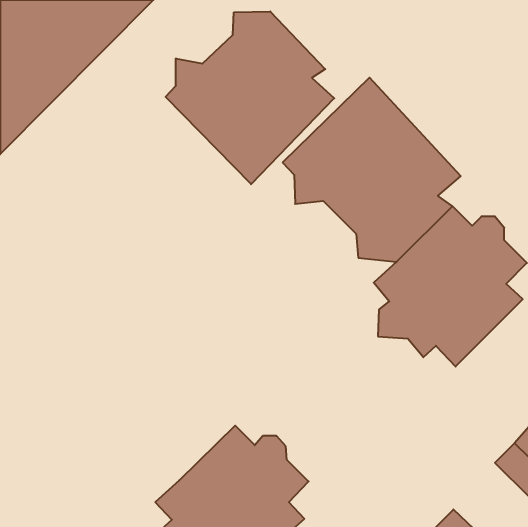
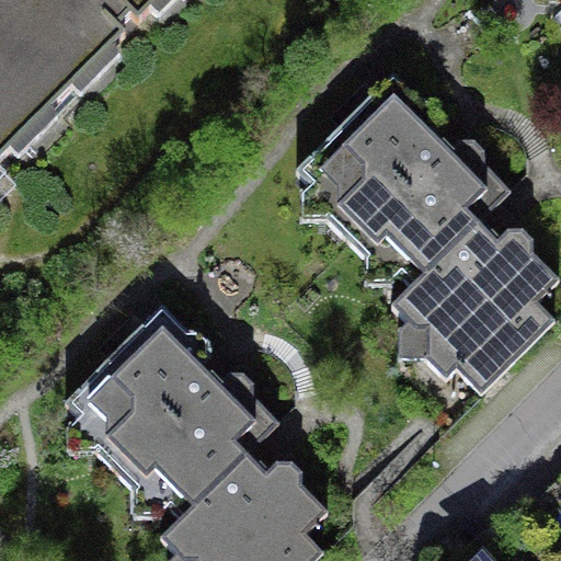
building: [166,11,334,184] -> none
building: none -> [69,317,259,511]

